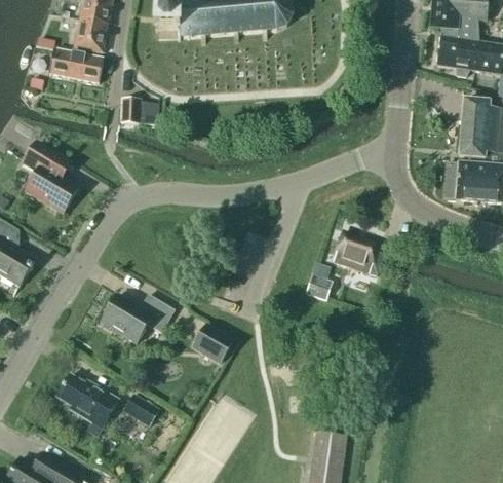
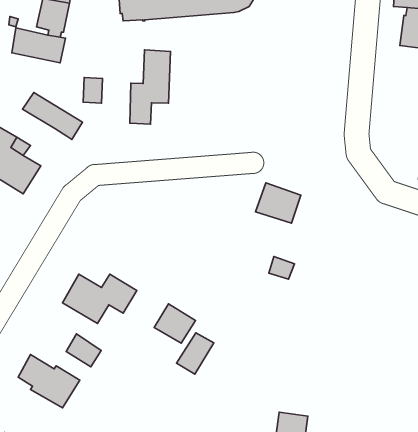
building: none -> [130,50,171,124]
building: none -> [22,93,83,139]
building: [333,232,378,272] -> [255,183,301,223]
building: none -> [177,333,214,374]
building: [123,394,158,426] -> [66,334,101,367]

